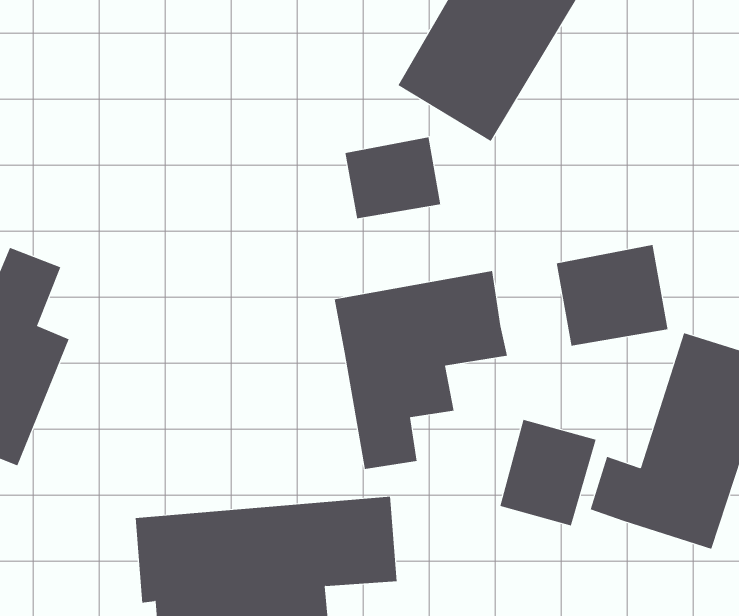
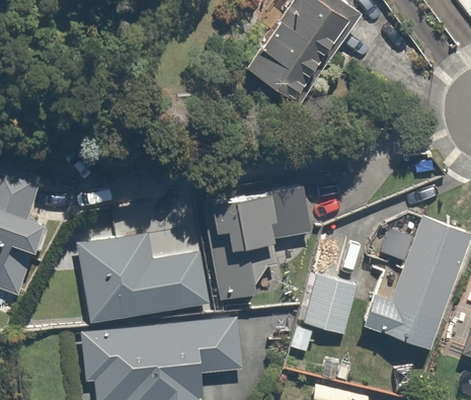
building: [345,137,441,219] -> none
building: [556,244,668,346] -> none
building: none -> [77,234,207,322]

